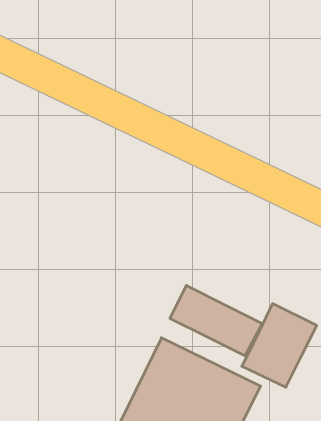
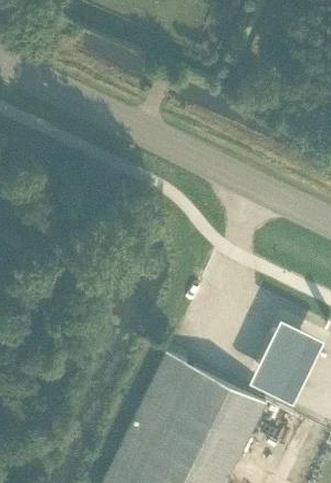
building: [170,285,262,356] -> none

